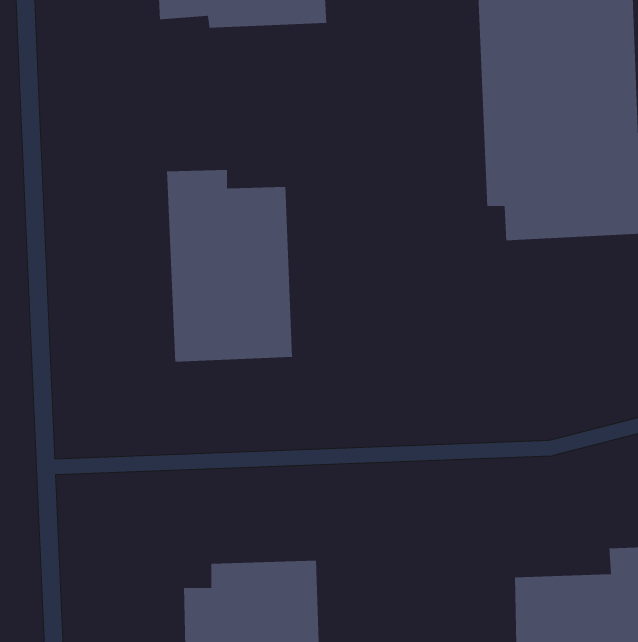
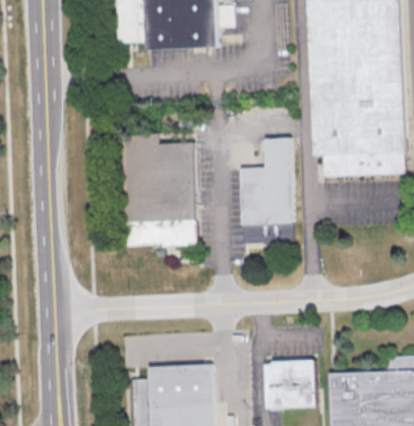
building: none -> [239,138,294,243]
building: none -> [265,360,316,409]

